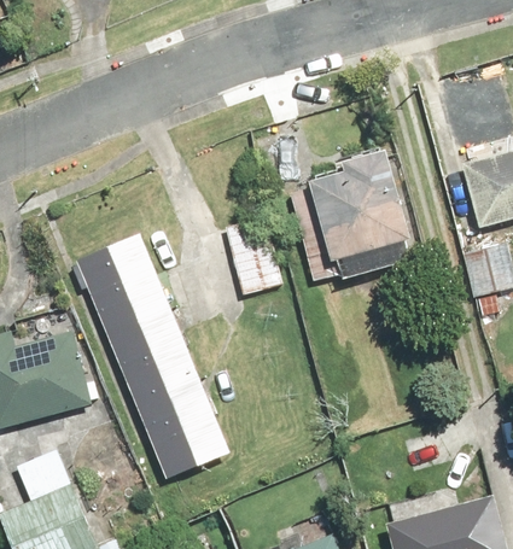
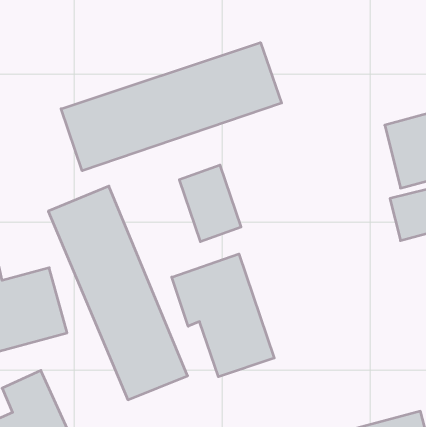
building: none -> [61,43,282,171]
building: [284,145,419,292] -> none
building: none -> [172,254,274,377]

